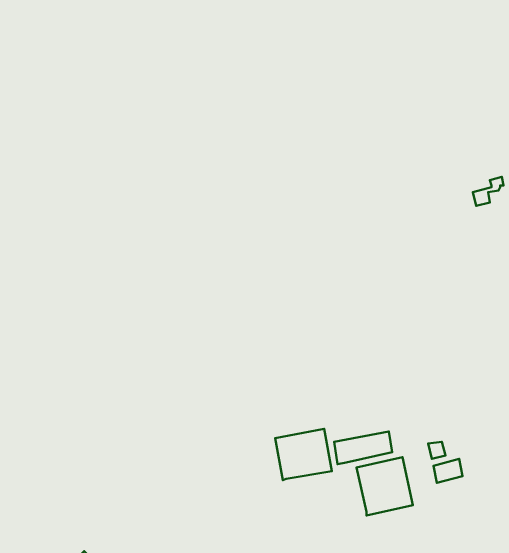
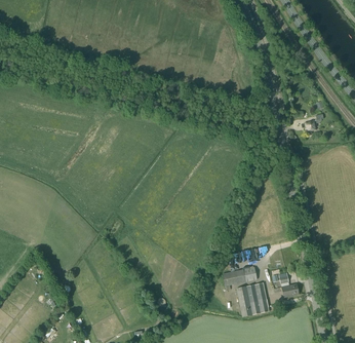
building: [275,429,332,480] -> none

